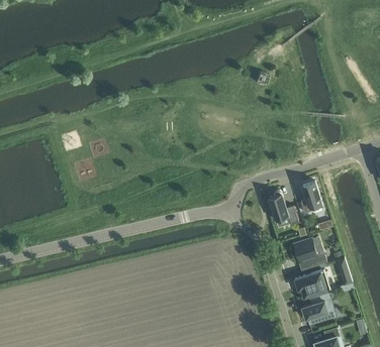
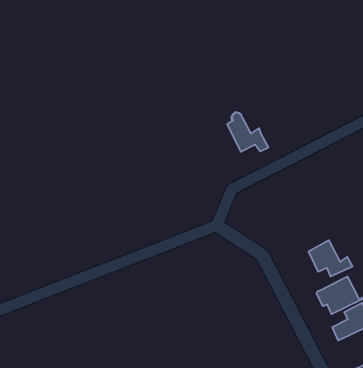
building: [300,182,322,213] -> none
building: [269,191,298,224] -> [227,112,269,152]

